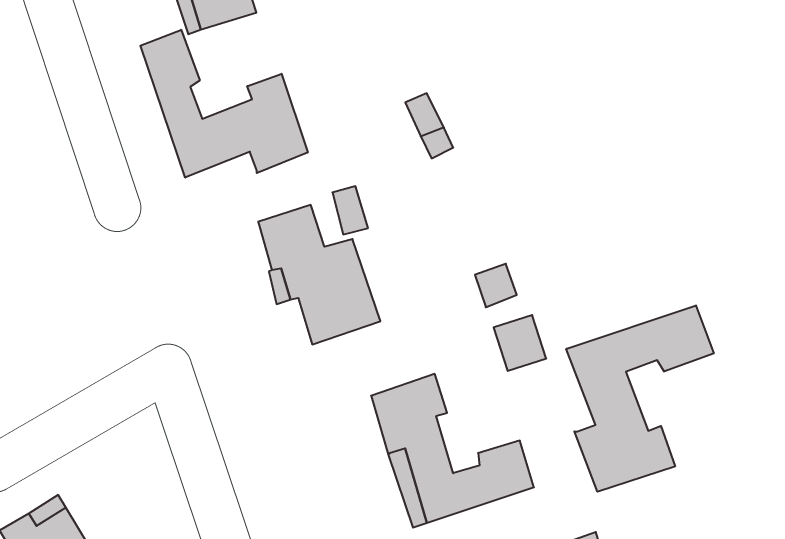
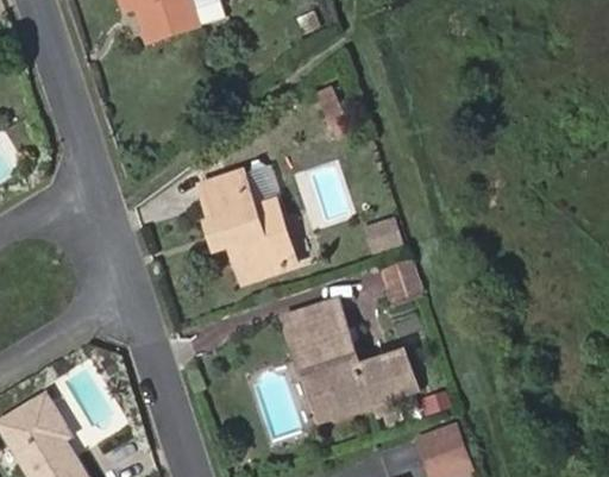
building: [140,30,308,178] -> none
building: [566,305,714,492] -> none

